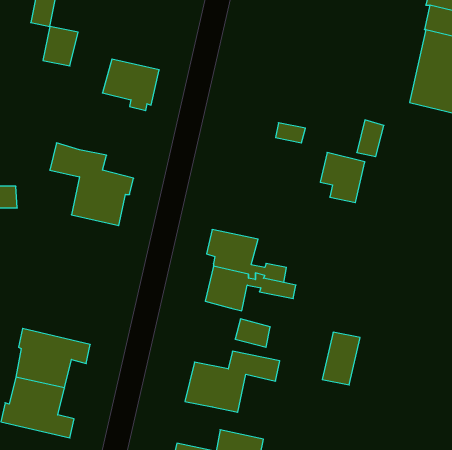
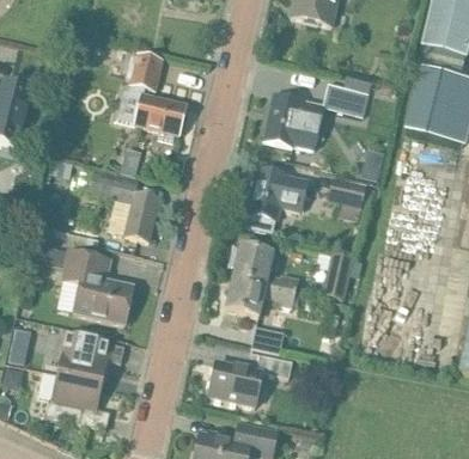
building: [43,27,78,66] -> [130,54,162,88]
building: none -> [263,81,365,147]
building: none -> [246,166,307,231]
building: none -> [65,250,133,323]
building: [322,332,360,385] -> [321,253,354,300]

